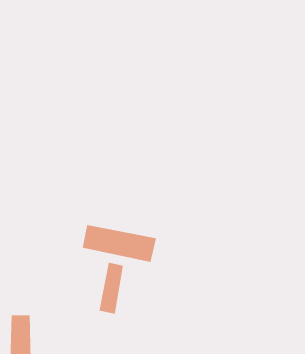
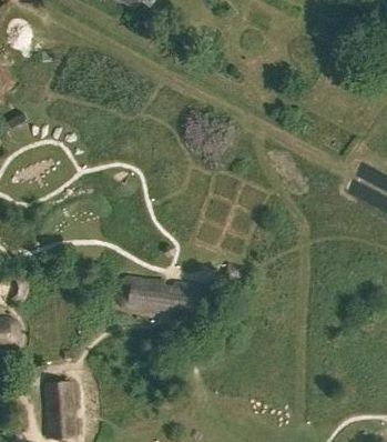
building: [99,262,123,315] -> none

